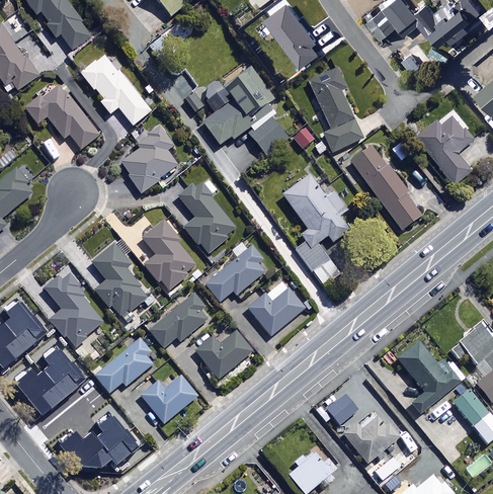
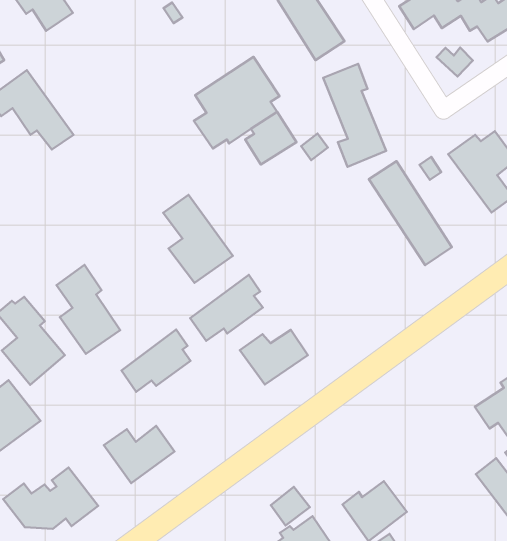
building: [82,54,153,126] -> none
building: [121,127,179,193] -> none
building: [279,172,345,282] -> none
building: [144,220,198,292] -> none
building: [197,330,253,378] -> none
building: [96,338,159,393] -> none
building: [395,339,457,411] -> none
building: [327,390,359,422] -> [271,487,310,525]

